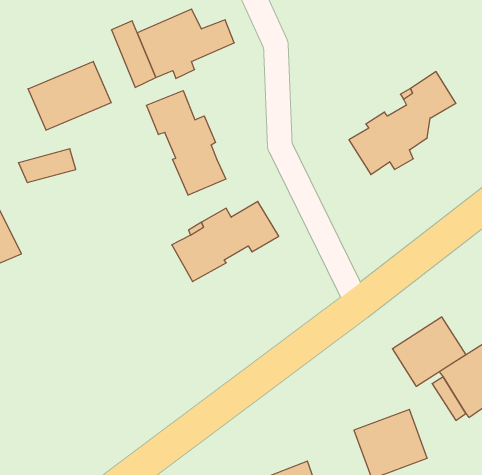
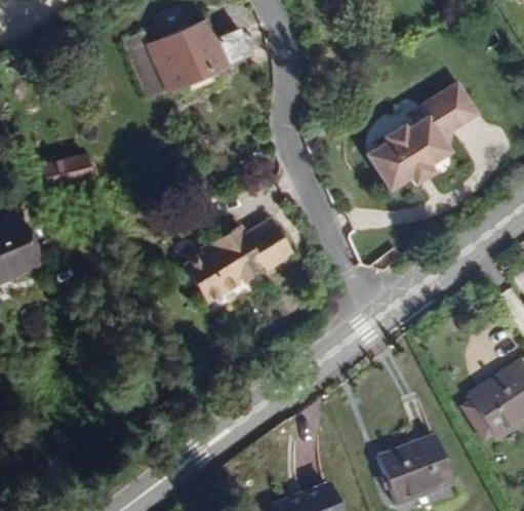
building: [28,61,111,130] -> none
building: [146,91,226,195] -> none
building: [392,317,466,386] -> none

